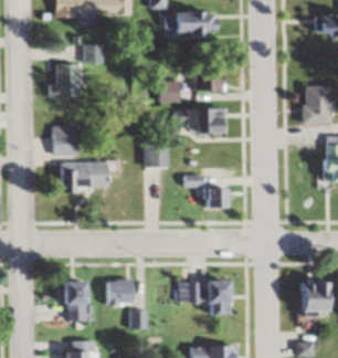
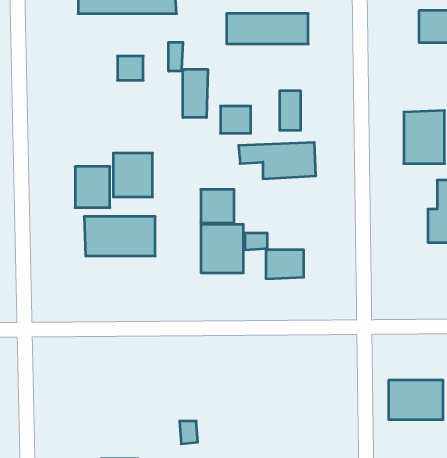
building: none -> [169,42,208,118]
building: [60,65,88,97] -> [113,153,153,197]
building: none -> [201,224,243,273]
building: [72,280,99,319] -> none
building: [113,281,144,304] -> none
building: [176,281,229,315] -> none

